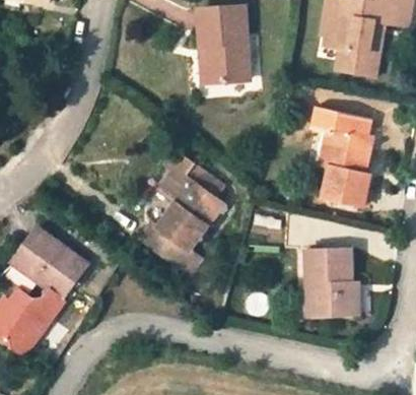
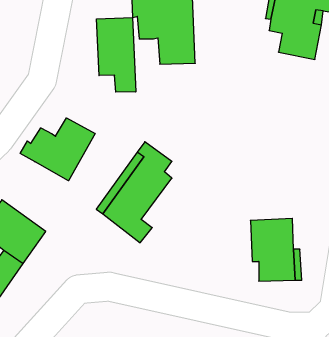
building: none -> [97,17,136,92]
building: [322,125,372,203] -> none
building: none -> [20,118,95,181]

